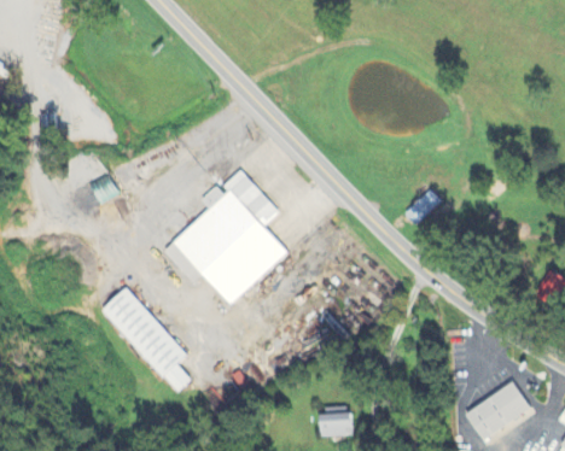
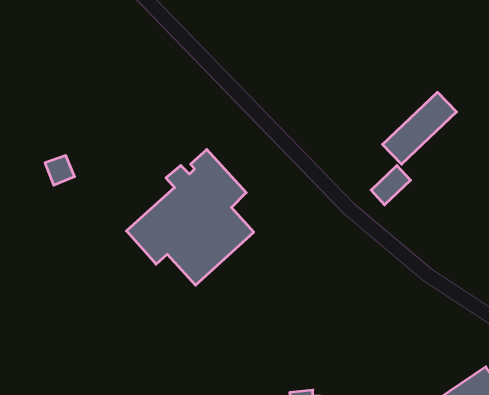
building: none -> [382,92,457,164]
building: [100,287,191,391] -> none

